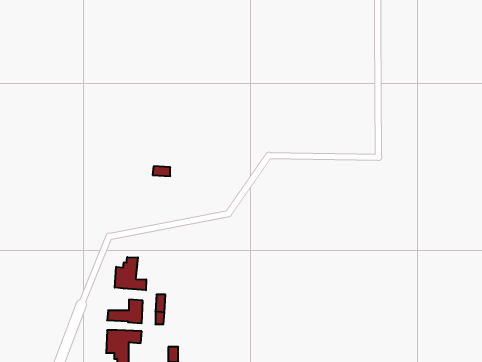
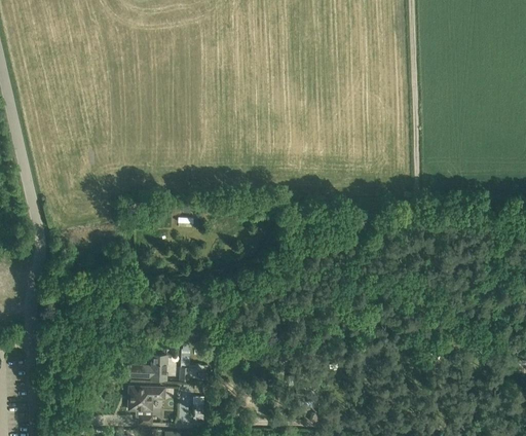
building: [115,257,146,290] -> none

